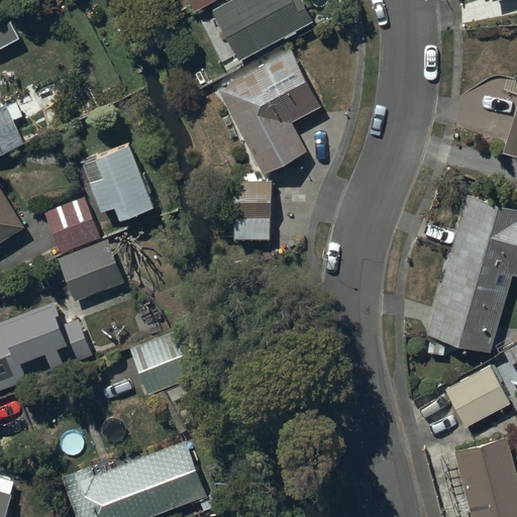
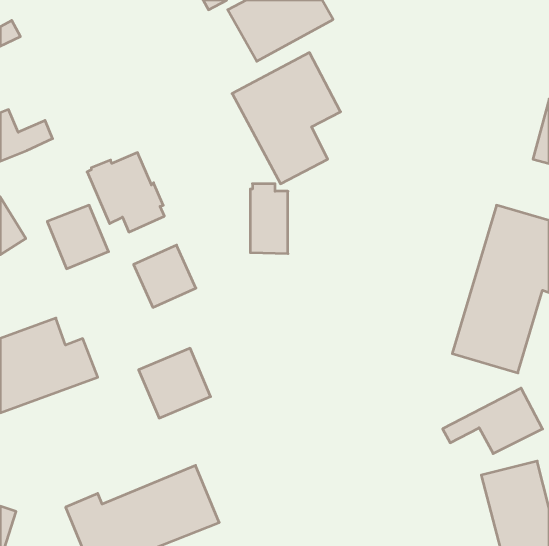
building: [60,242,118,301] -> [134,245,196,307]

